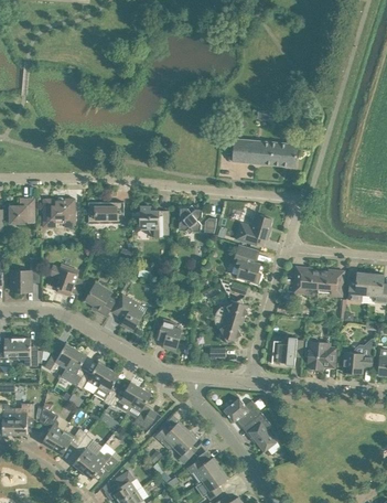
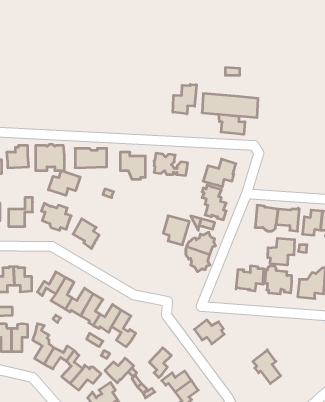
building: none -> [173,84,196,114]
building: none -> [219,114,245,134]
building: none -> [48,171,80,195]
building: [116,293,143,331] -> none
building: none -> [268,238,295,265]
building: [157,319,186,352] -> [163,216,189,245]
building: [244,413,276,451] -> [253,350,281,384]
building: [154,421,187,450] -> [105,358,134,383]

